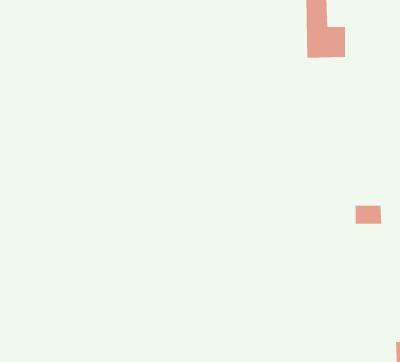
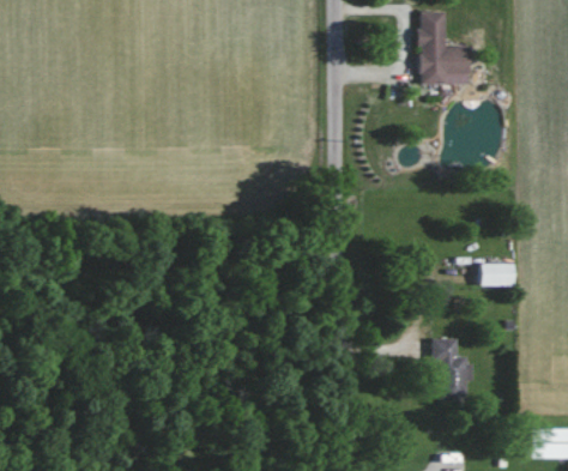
building: none -> [435,338,472,399]

